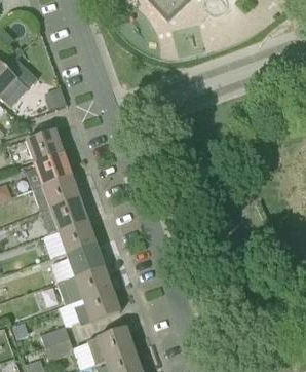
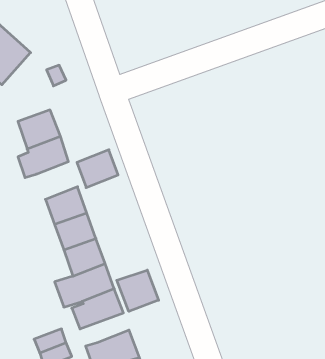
building: [42,176,79,210] -> [77,150,118,188]
building: none -> [117,270,159,311]

